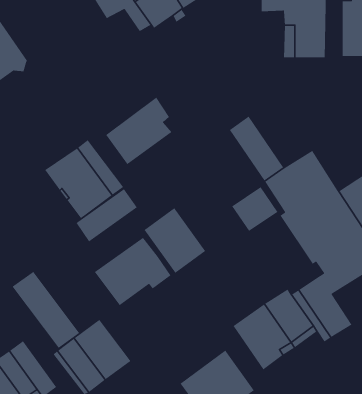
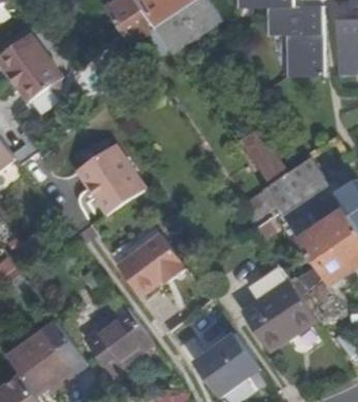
building: [105,96,172,165] -> none
building: [75,188,138,243] -> none
building: [144,207,206,274] -> none
building: [12,271,80,349] -> none

